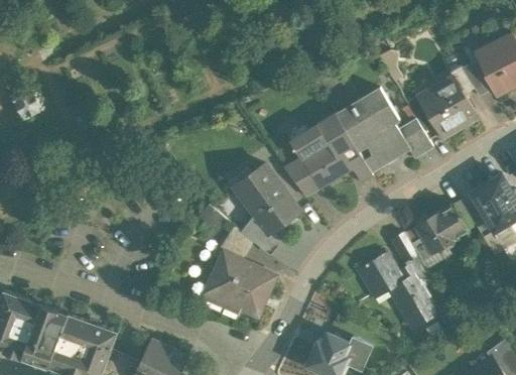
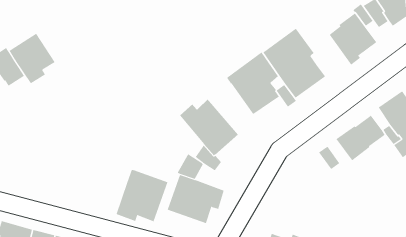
building: none -> [9,33,56,84]
building: [400,124,431,158] -> none
building: [283,158,317,196] -> none
building: none -> [116,169,168,222]
building: [358,253,437,329] -> none

